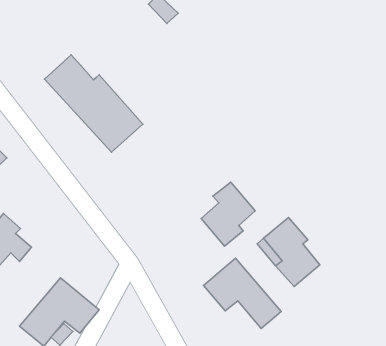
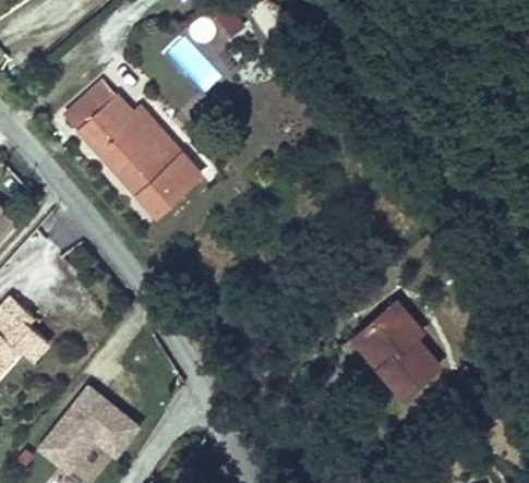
building: [201,182,255,246] -> none
building: [204,258,281,328] -> none

